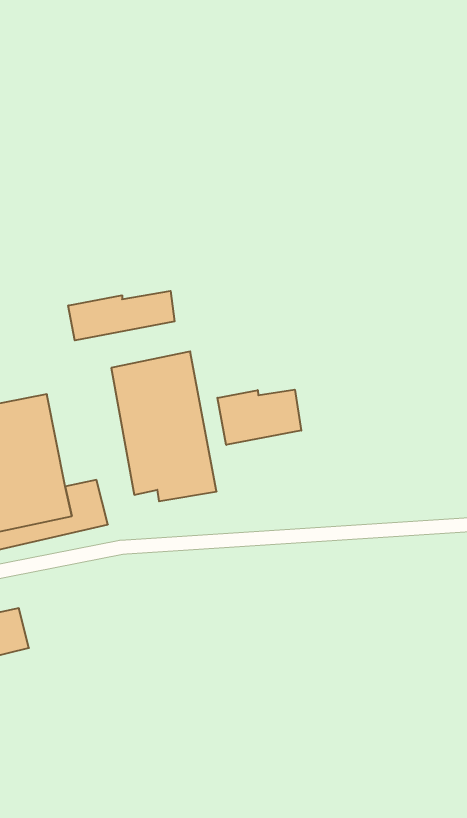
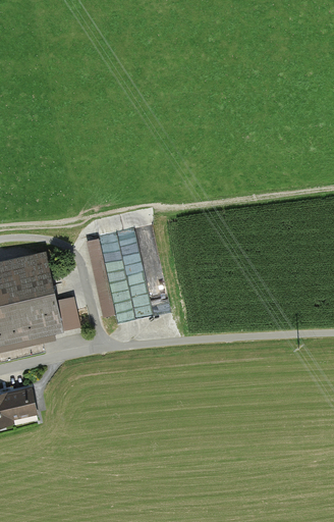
building: [68,291,175,340] -> none
building: [217,390,301,445] -> none

